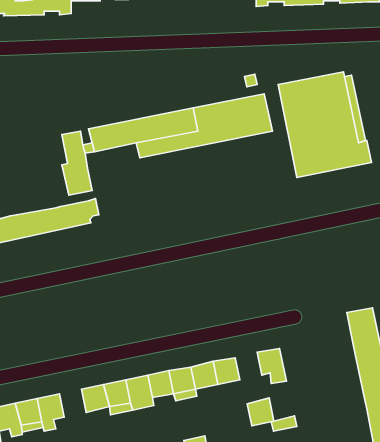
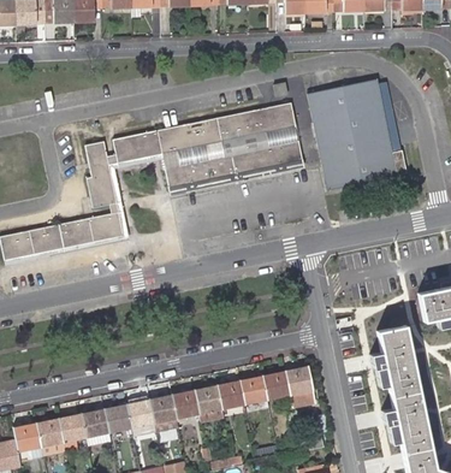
building: none -> [165,142,304,190]
building: none -> [82,409,109,438]
building: [247,398,274,426] -> [263,371,291,400]

